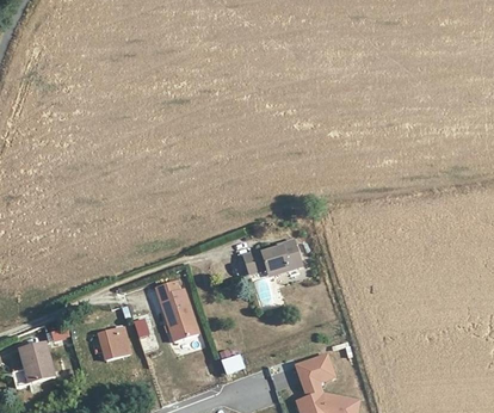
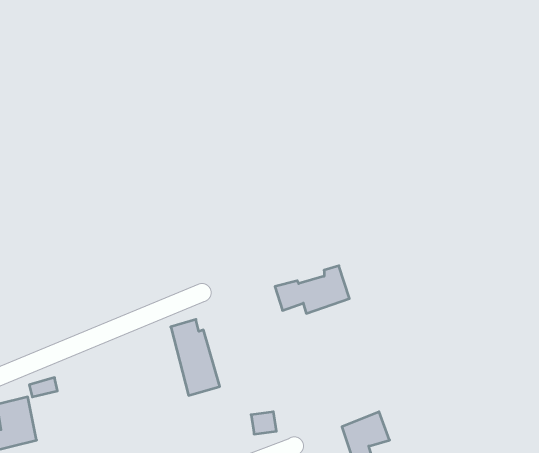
building: [99,325,129,357] -> none

